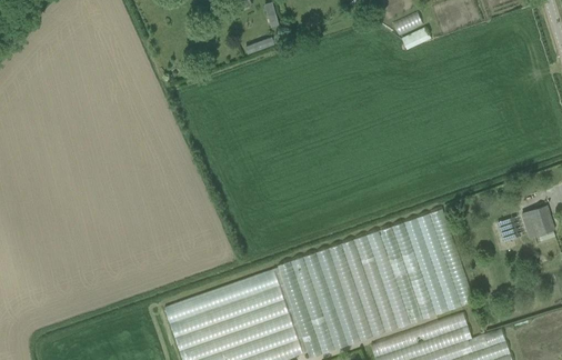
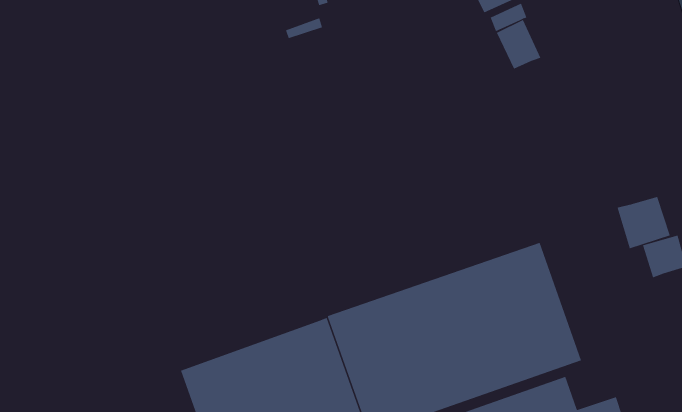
building: none -> [496,19,541,69]
building: none -> [617,196,671,249]

